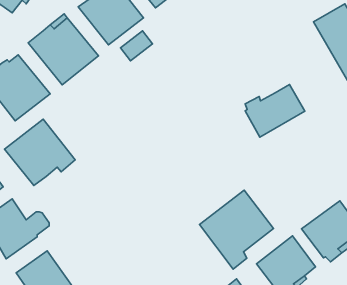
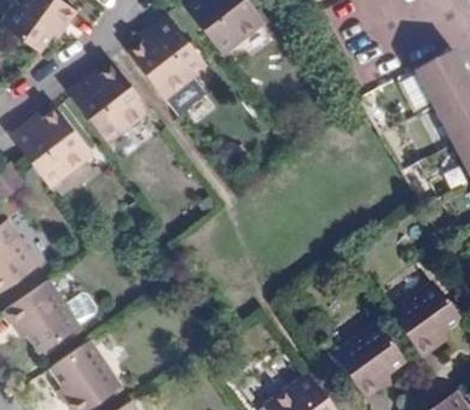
building: [245,85,305,137] -> none
building: [4,119,75,185] -> none
building: [199,190,273,269] -> none

